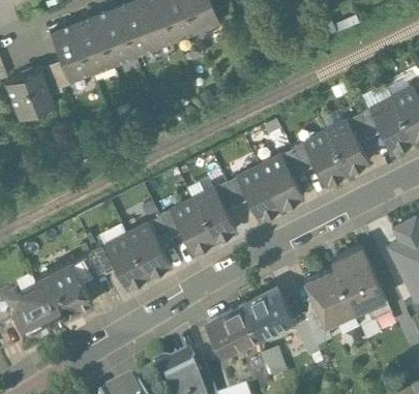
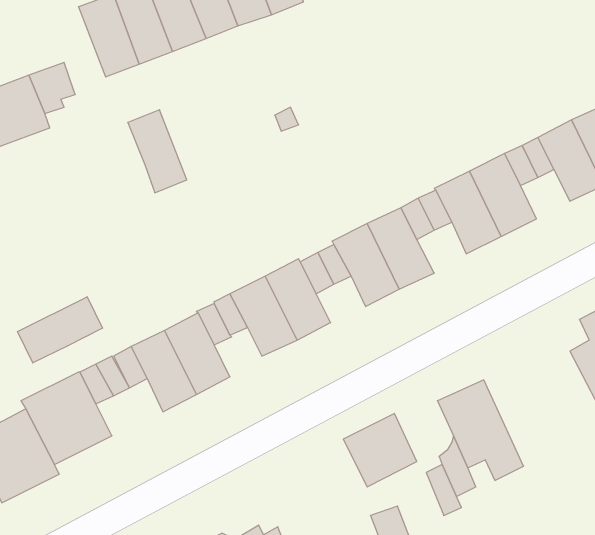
building: [51,24,89,78] -> [128,110,187,193]
building: none -> [17,297,102,363]
building: [331,245,388,335] -> none
building: [206,304,259,354] -> none

